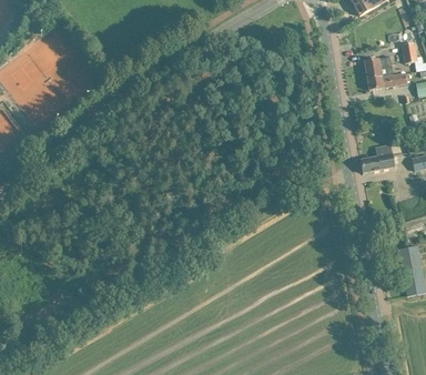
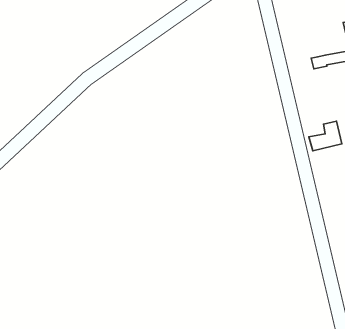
building: [364,57,393,79] -> none

